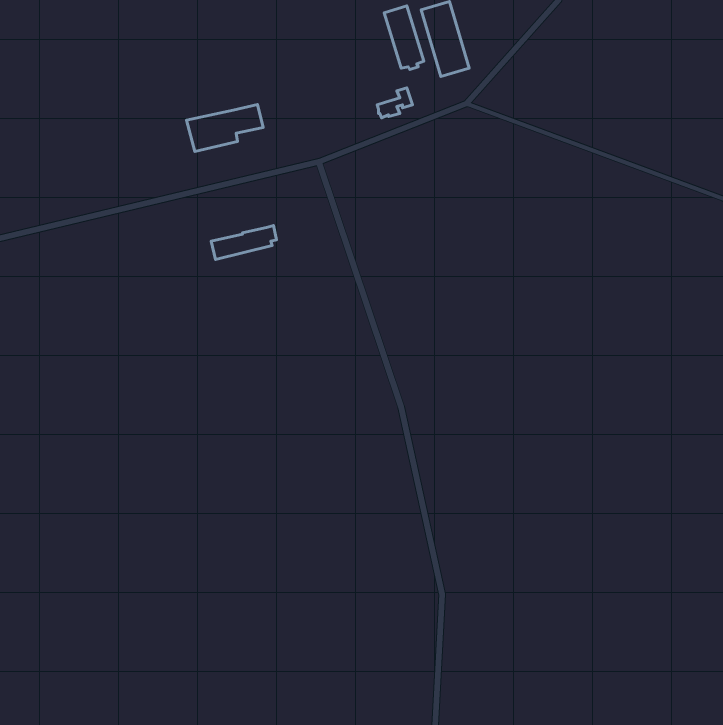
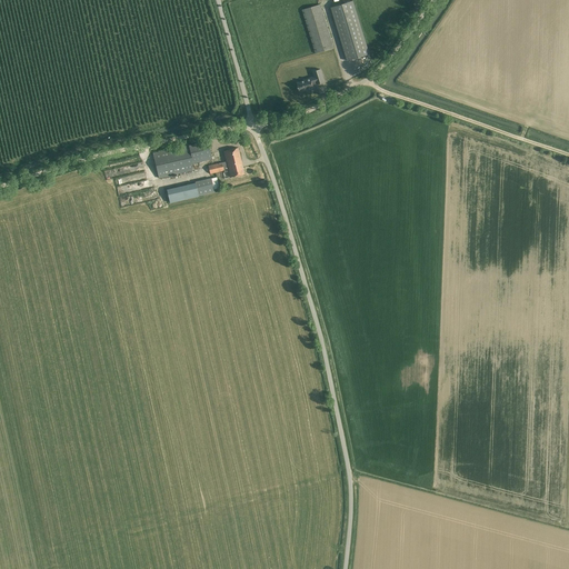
building: [186,105,263,151] -> [151,141,211,178]
building: none -> [207,148,243,178]

